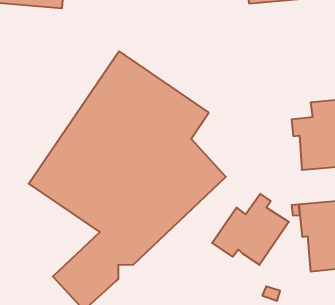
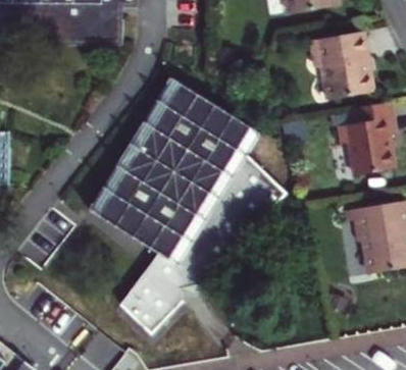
building: none -> [310,32,374,99]
building: [212,194,289,265] -> none

